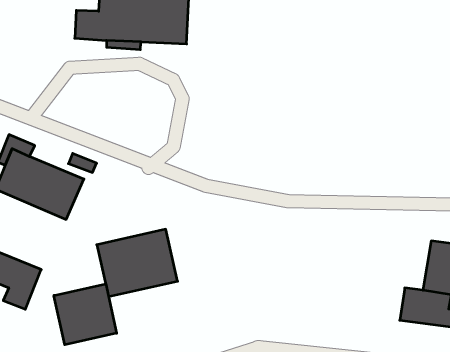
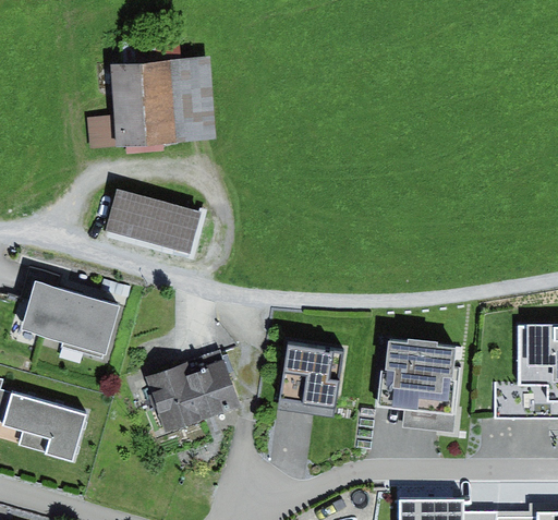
building: none -> [104,190,201,254]
building: none -> [281,346,341,406]
building: none -> [377,339,461,432]
building: [54,284,117,345] -> none

